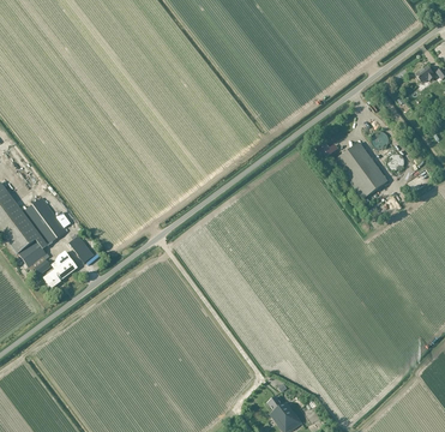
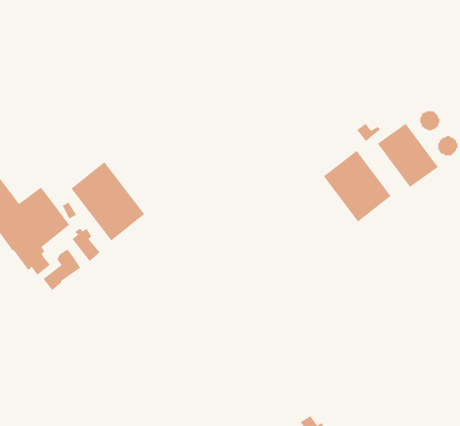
building: none -> [323,150,392,223]
building: none -> [70,161,145,242]

